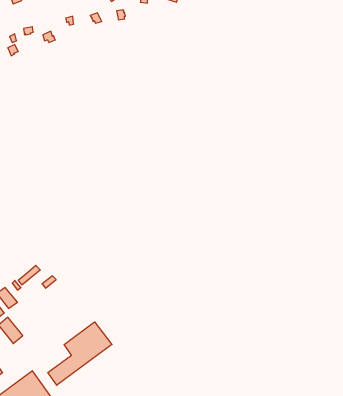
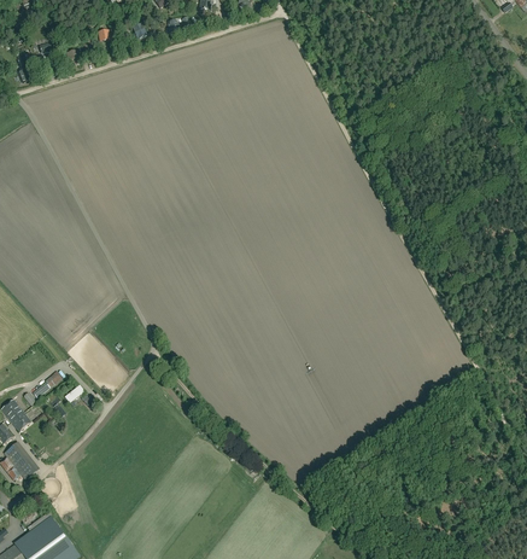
building: [48,322,112,385] -> none

